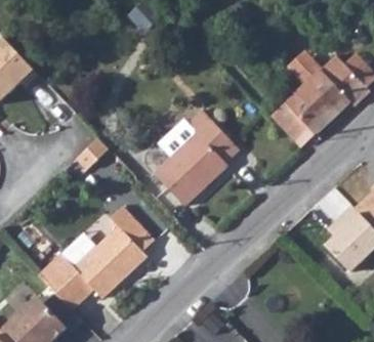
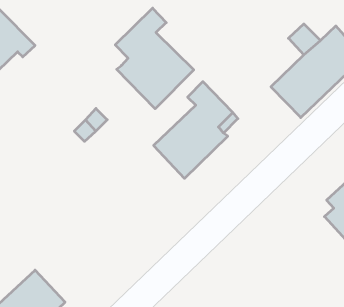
building: none -> [115,8,194,109]
building: [38,206,158,311] -> none

